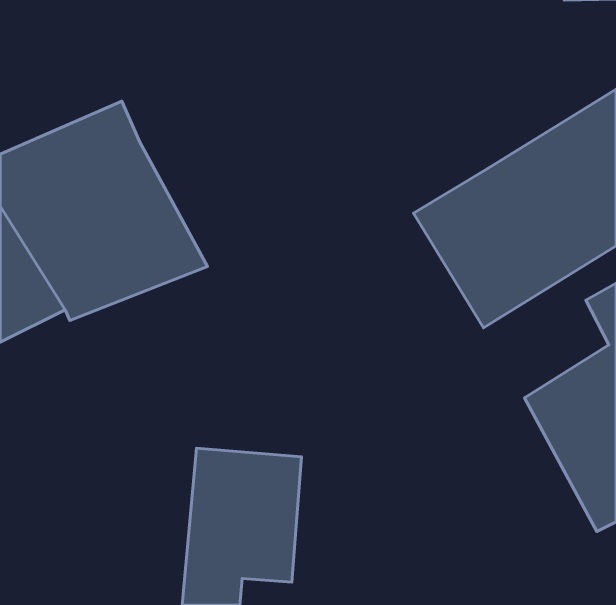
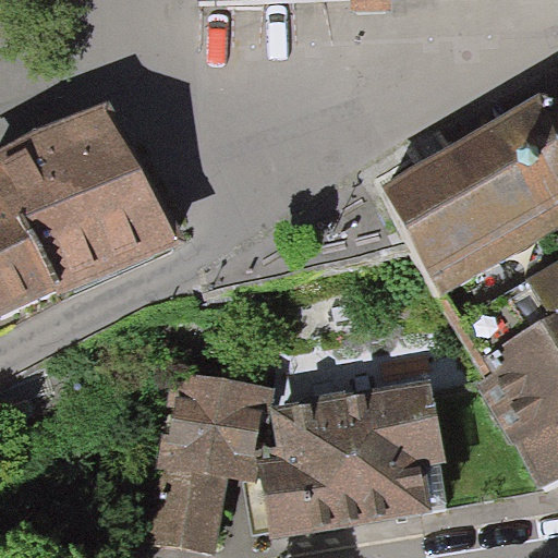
building: none -> [284,386,441,542]

